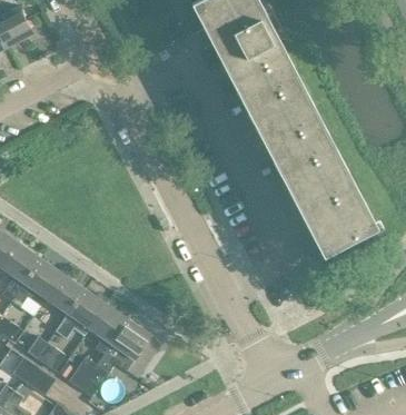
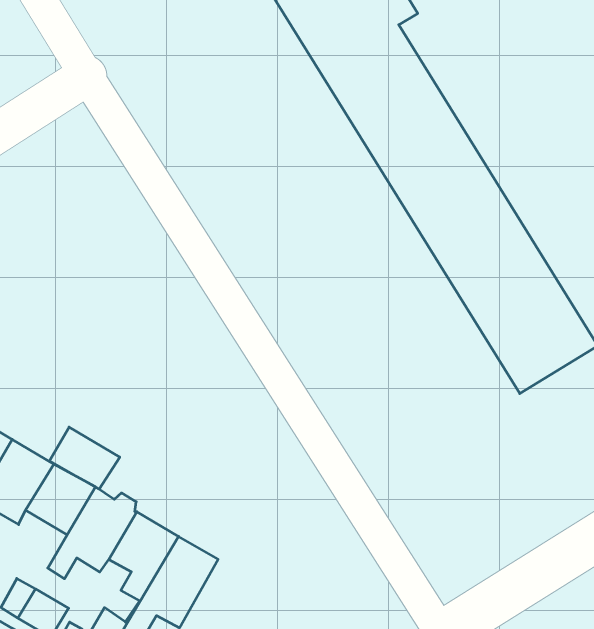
building: none -> [49,427,120,489]

